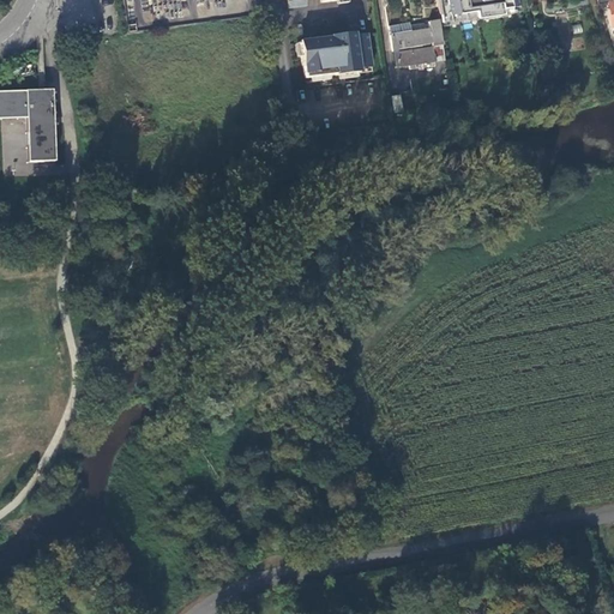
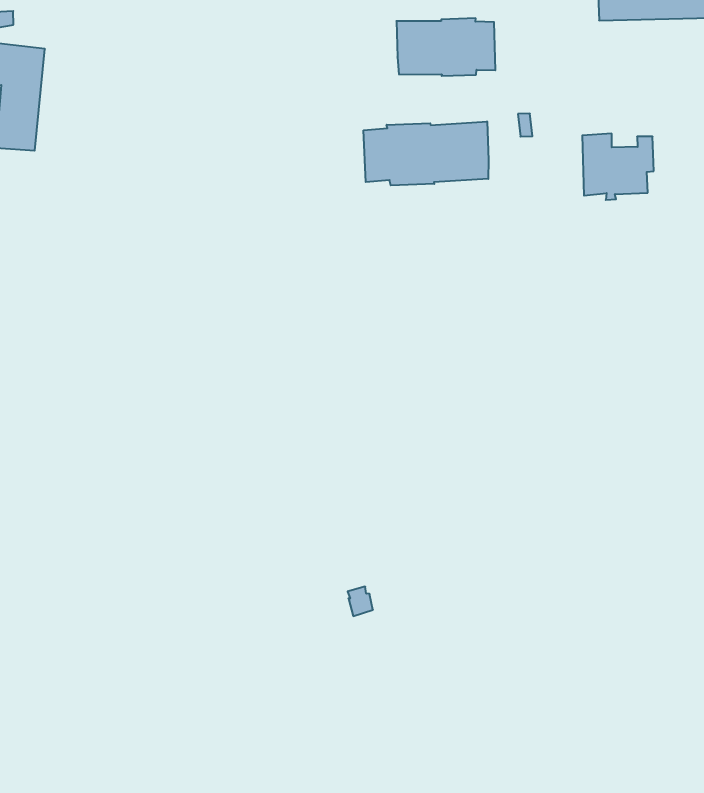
building: [389,19,441,67] -> [582,134,654,200]
building: none -> [364,121,489,185]

